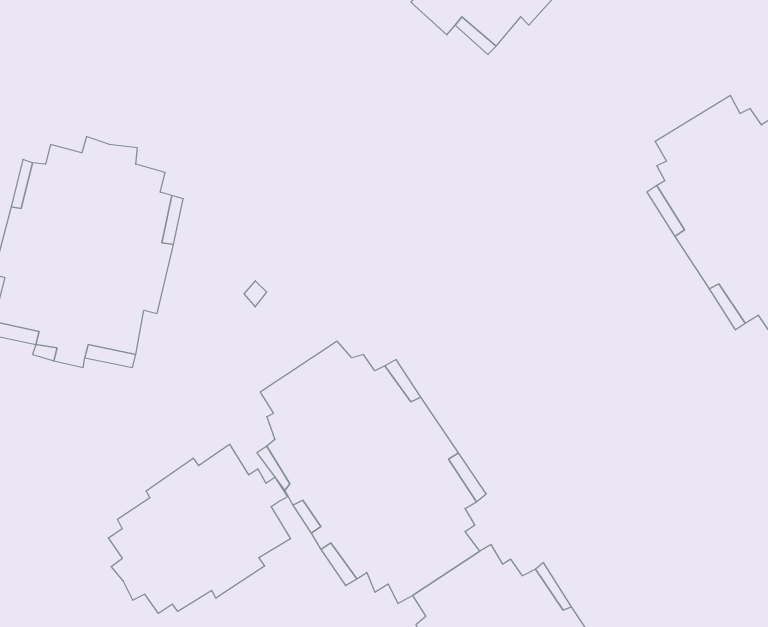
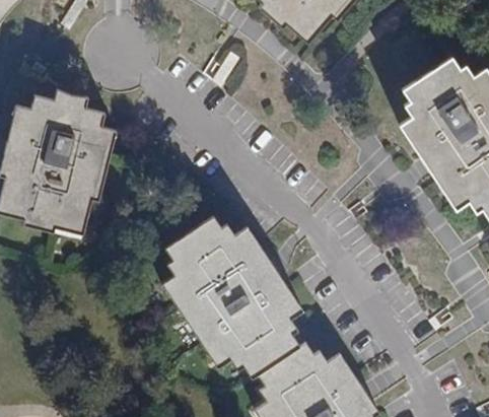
building: [108,444,291,613] -> none

